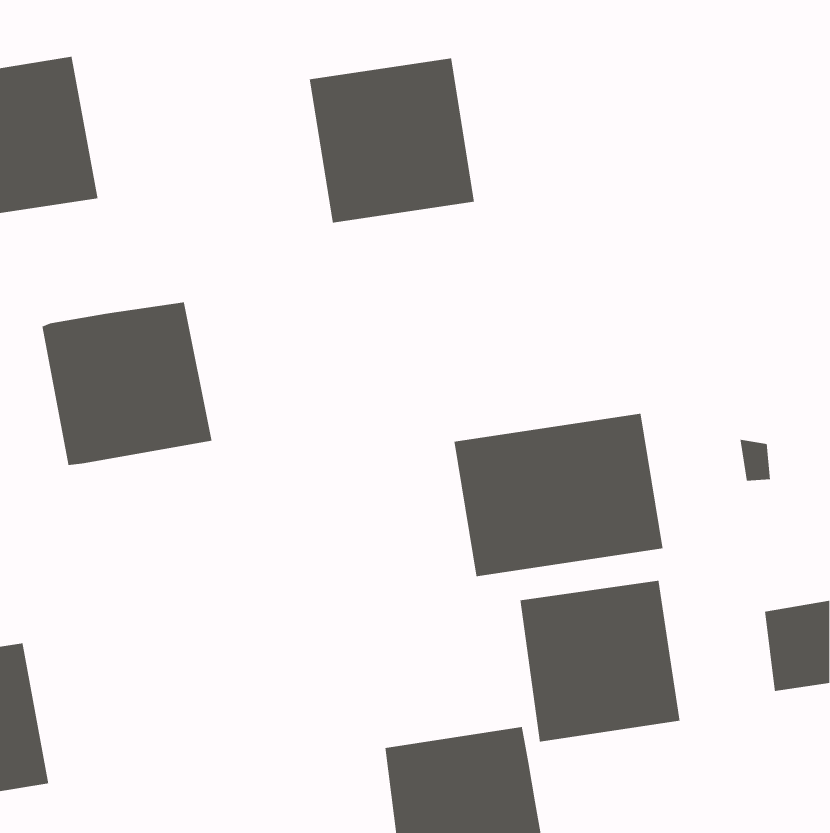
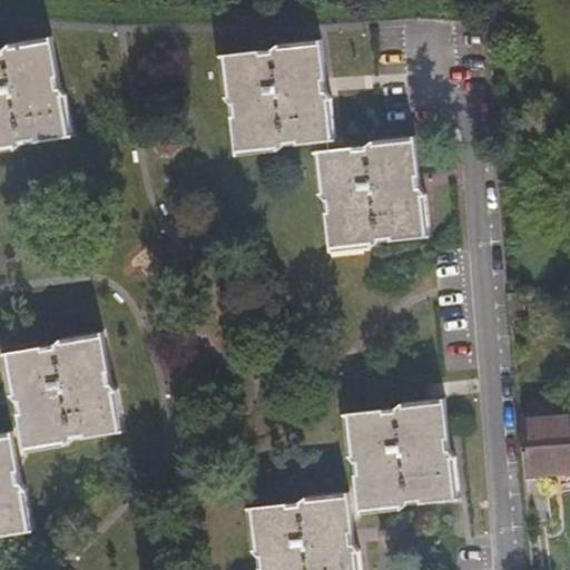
building: none -> [309,135,419,247]
building: [41,301,212,466] -> [9,340,125,451]
building: [454,413,663,577] -> none

